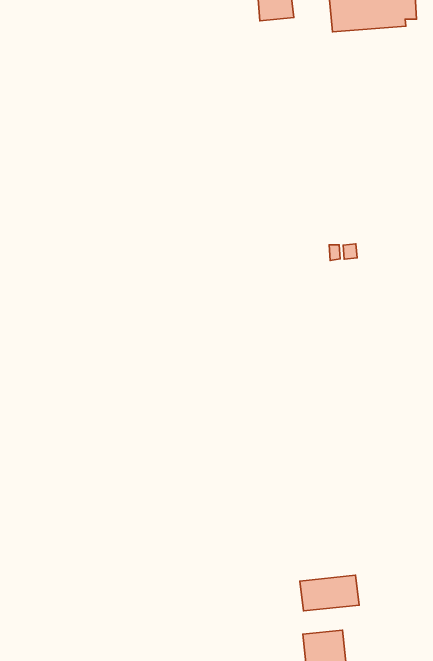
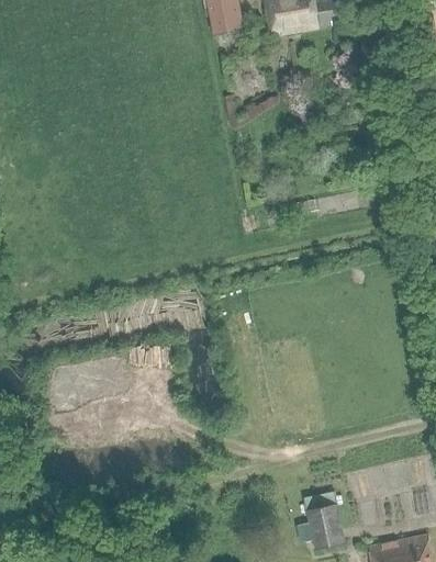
building: [300,575,359,611] -> none

